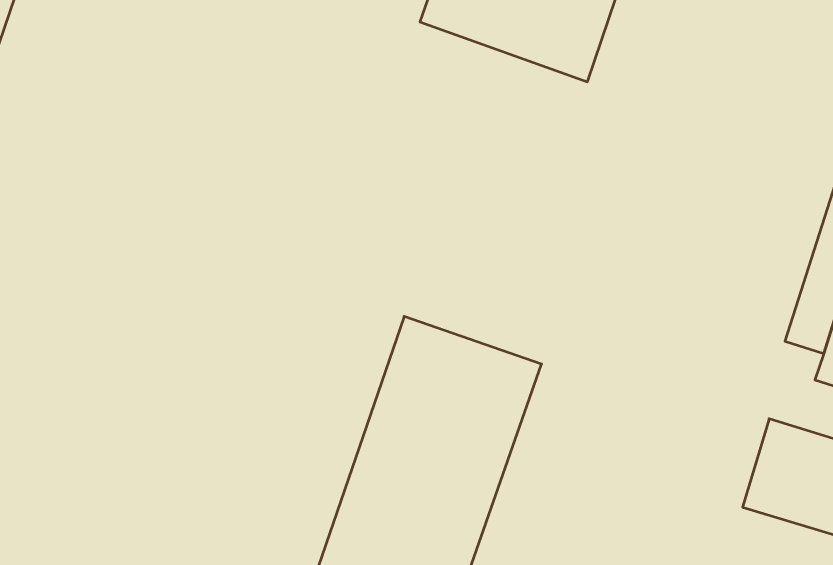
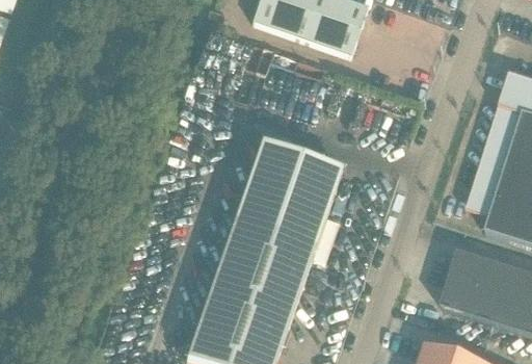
building: none -> [244,139,343,218]

